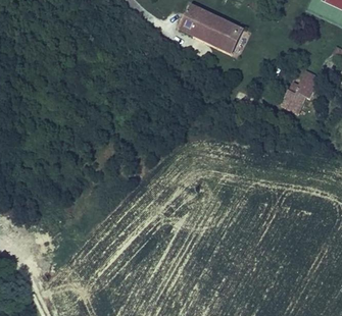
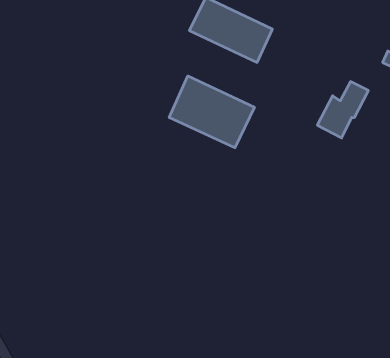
building: none -> [169,76,254,148]

